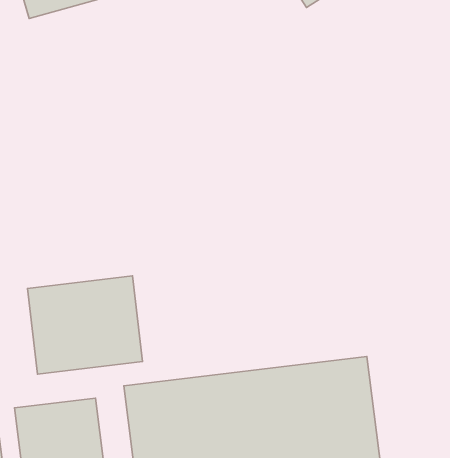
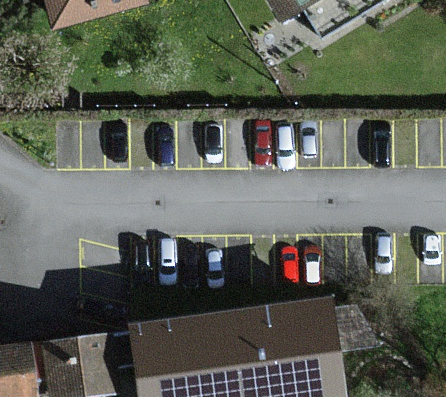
building: [27,276,142,374] -> none

